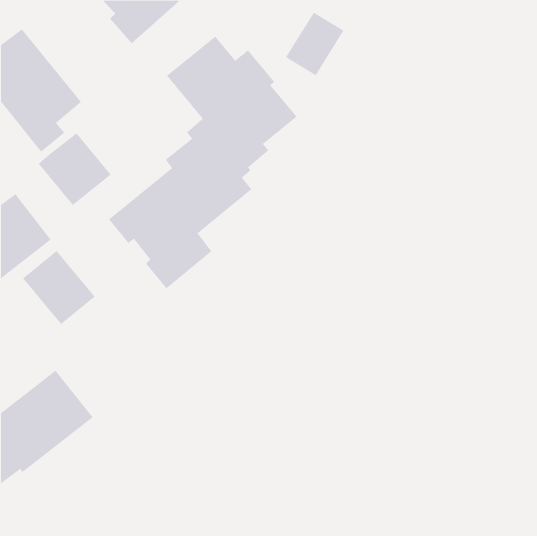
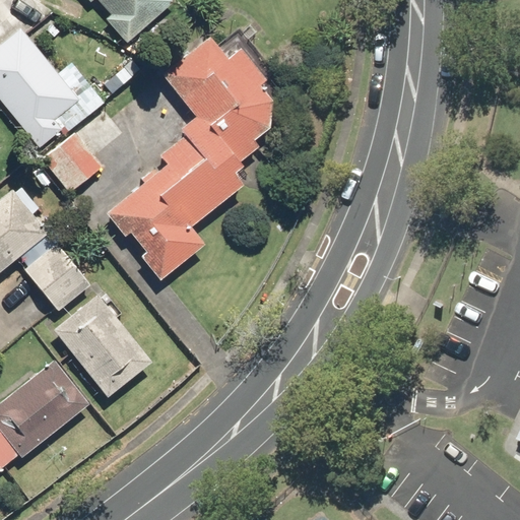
building: [285,12,344,76] -> none
building: none -> [53,294,152,397]

